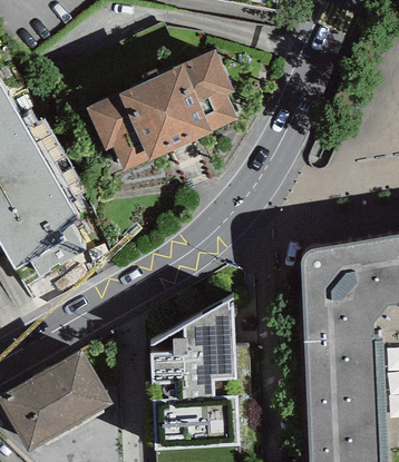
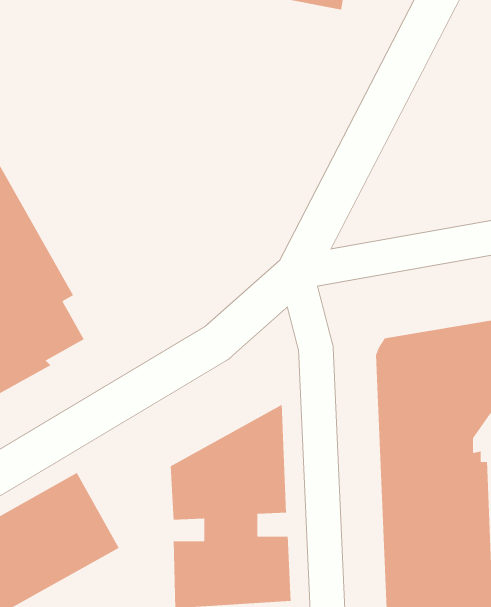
building: [85,49,236,171] -> none

